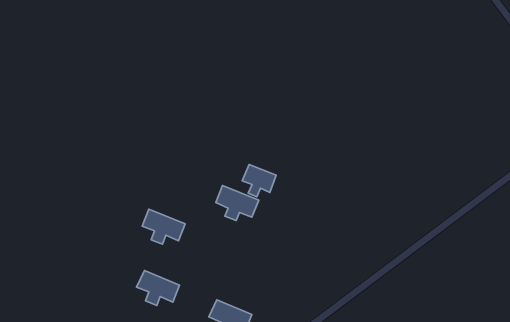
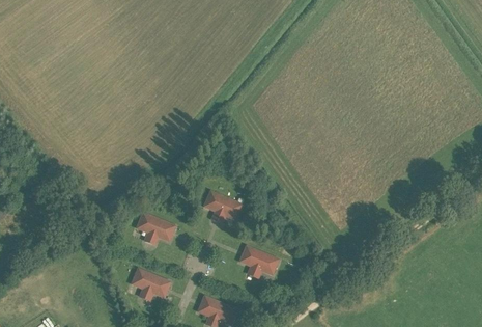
building: [242,164,276,197] -> none
building: none -> [239,245,279,277]

